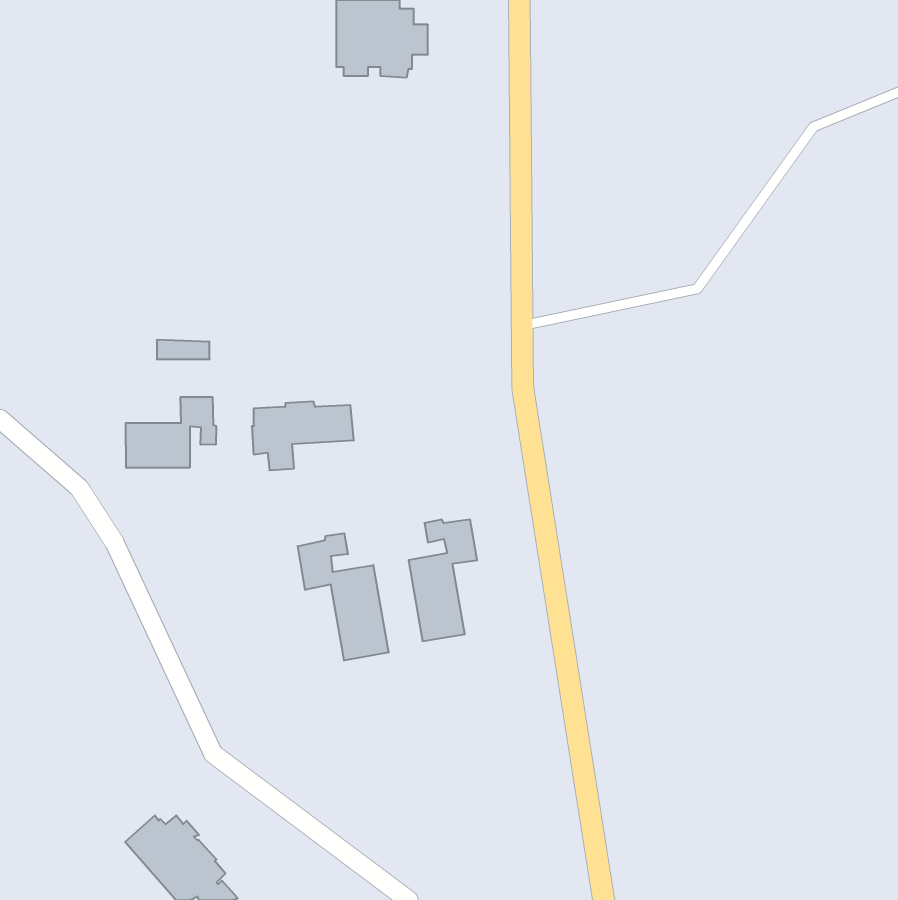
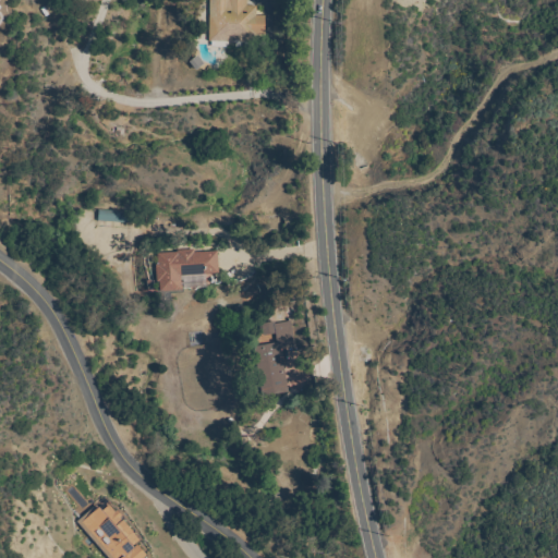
building: [126,397,216,468] -> none
building: [298,533,389,661] -> none

